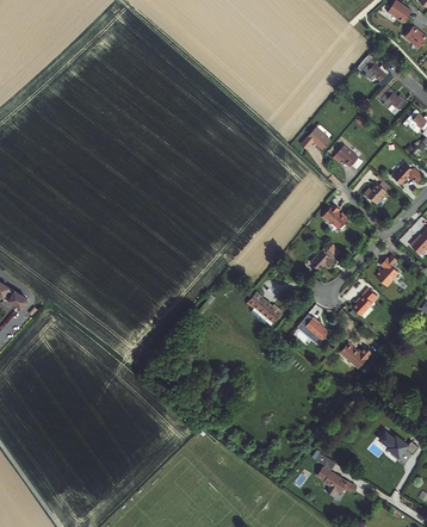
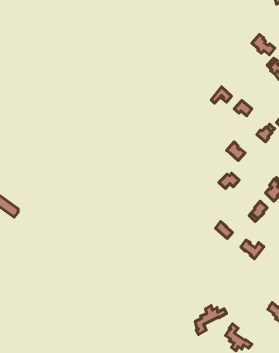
building: [248,291,281,324] -> none
building: none -> [195,305,226,335]

